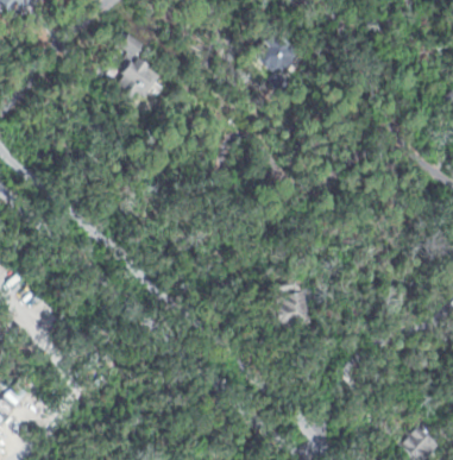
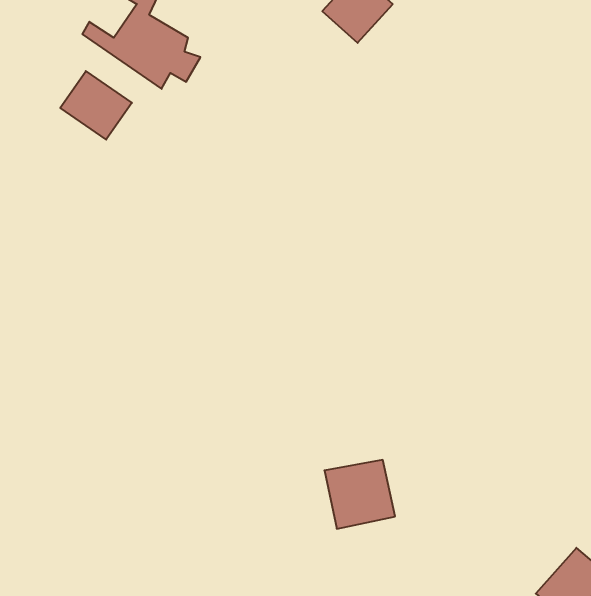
building: none -> [60,71,132,140]
building: [263,286,310,333] -> [324,460,395,529]

